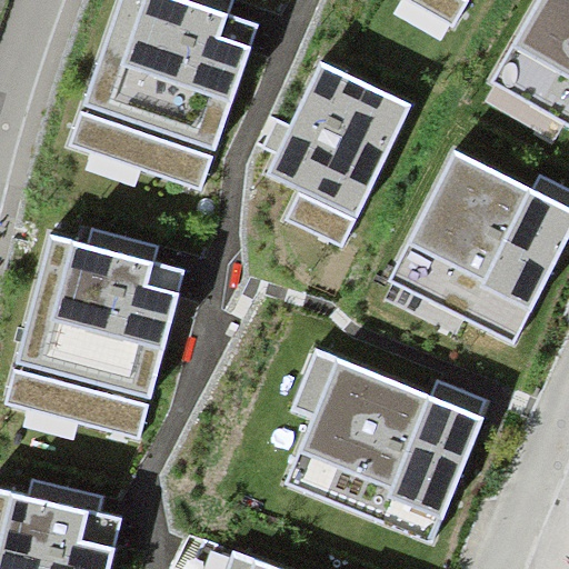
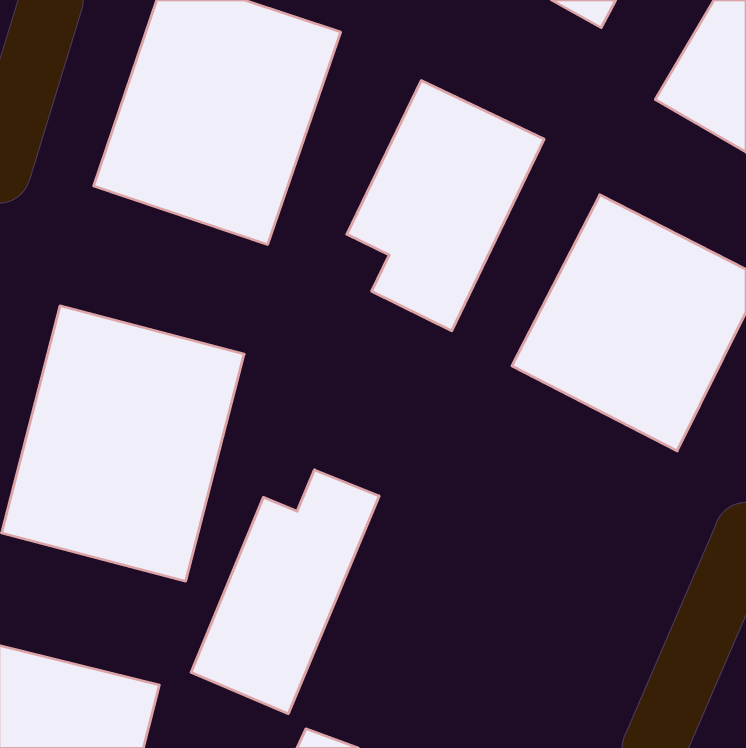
building: [290,348,485,542] -> none
building: none -> [191,470,379,714]

